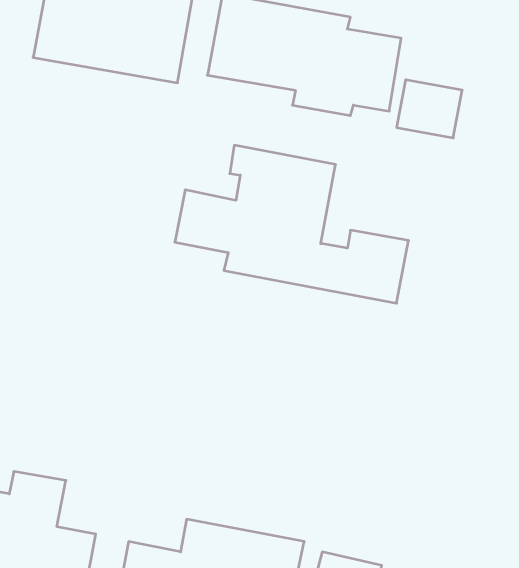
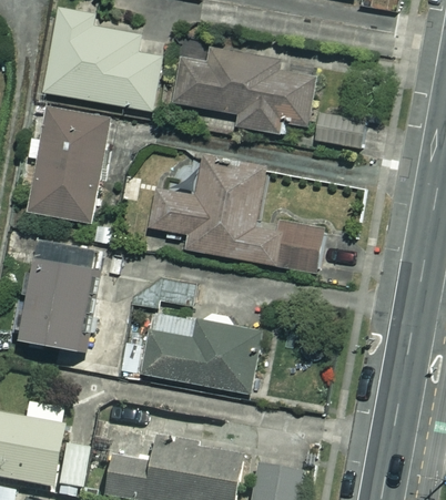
building: none -> [26,109,109,225]
building: none -> [23,246,104,360]
building: none -> [141,312,260,390]

